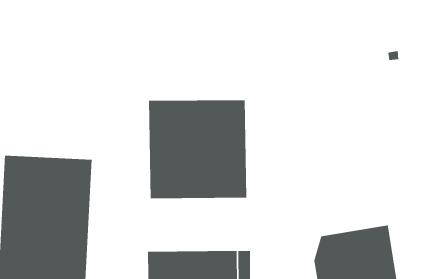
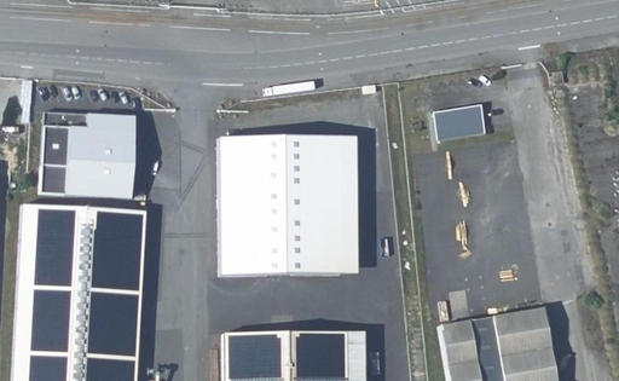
building: none -> [428,108,479,143]
building: none -> [39,112,134,198]

